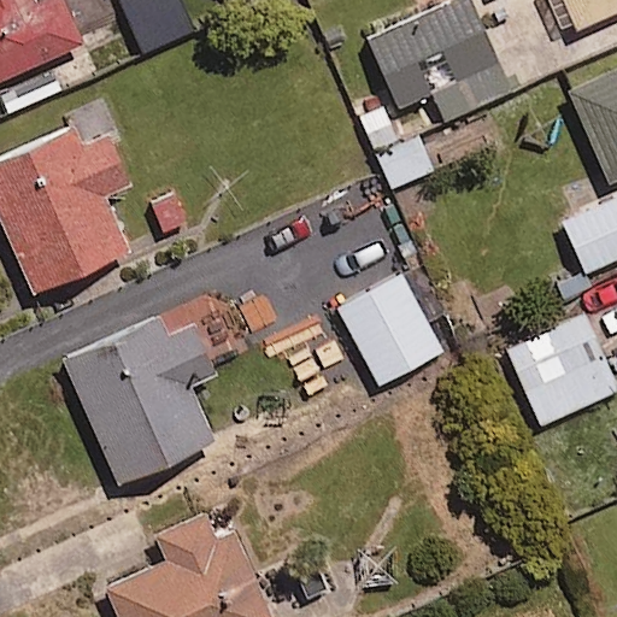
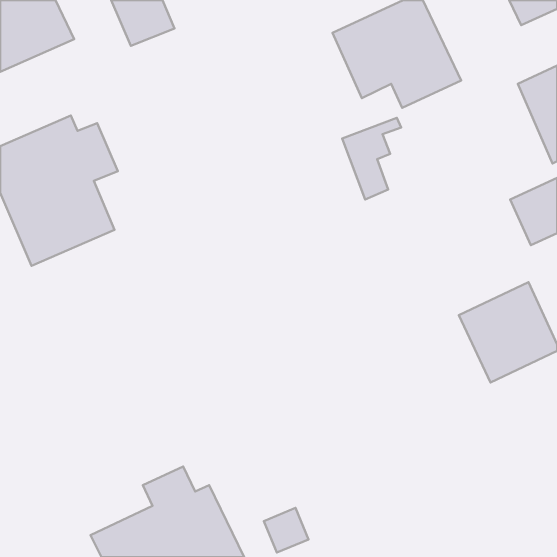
building: [337,272,442,384] -> none
building: [66,322,219,484] -> none

